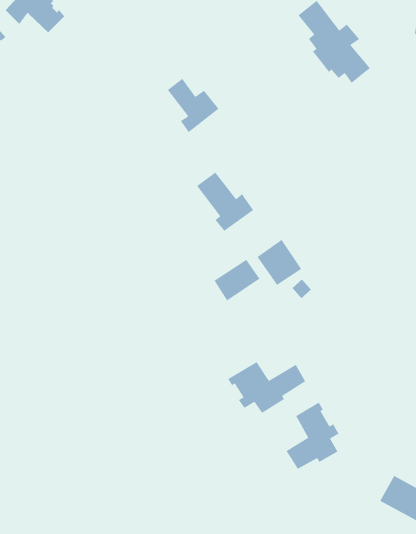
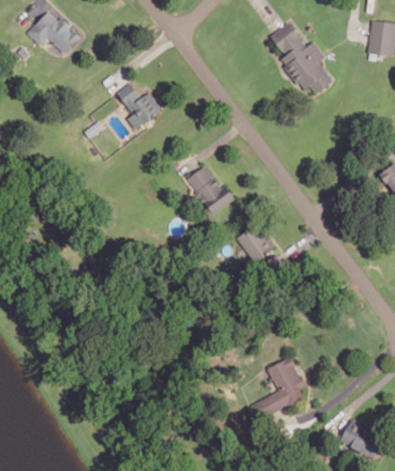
building: [167,78,220,133] -> [117,83,161,129]
building: [214,259,260,302] -> none
building: [227,361,306,414] -> none

